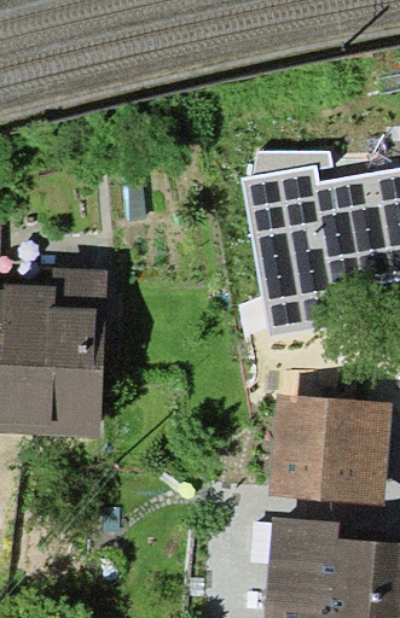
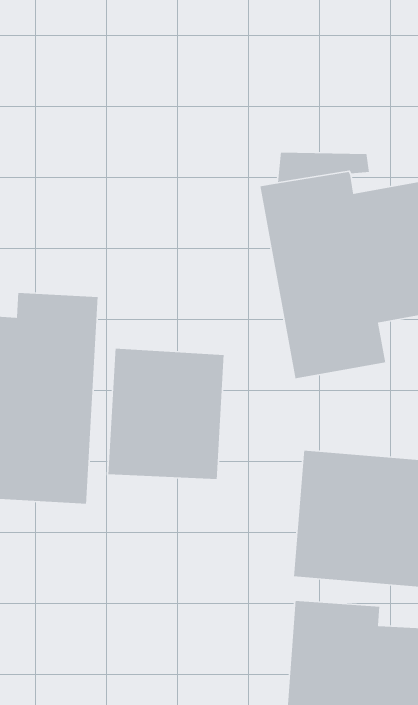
building: none -> [108,348,224,480]

